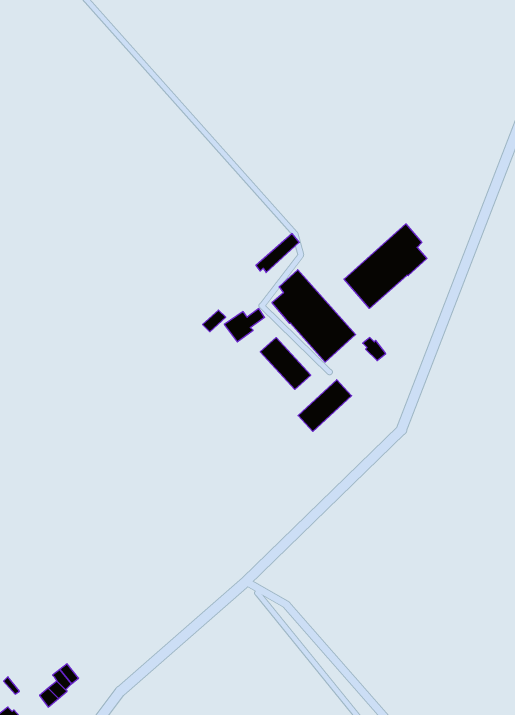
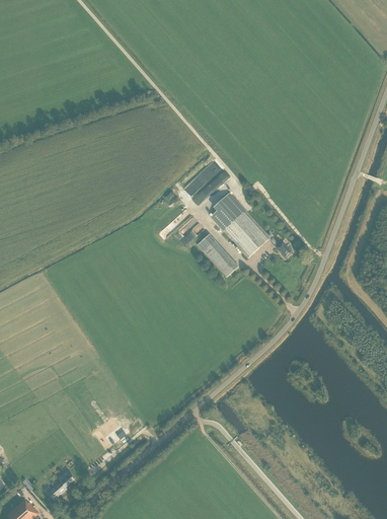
building: [344,224,427,308] -> none
building: [298,380,352,431] -> none

